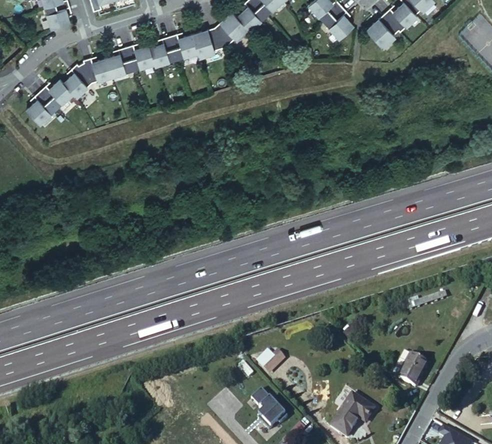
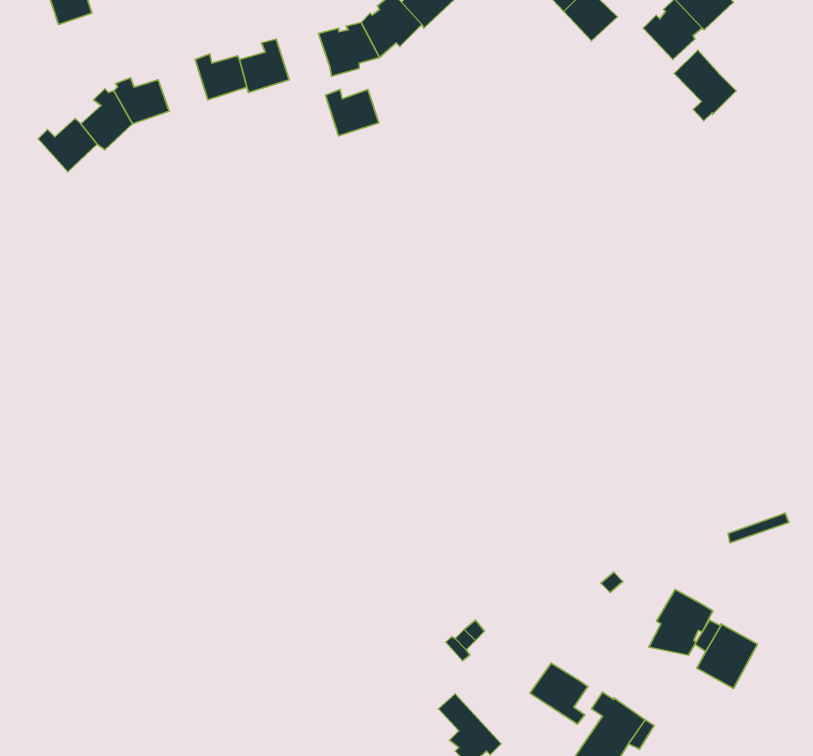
building: [169,33,198,58] -> [326,90,379,136]
building: none -> [674,50,736,121]
building: [105,47,132,75] -> none
building: [26,90,56,123] -> none
building: none -> [649,590,713,655]
building: none -> [530,663,588,724]

